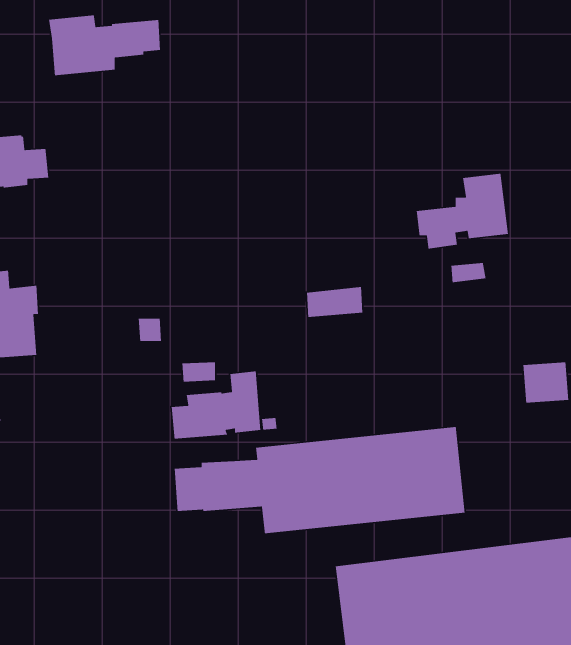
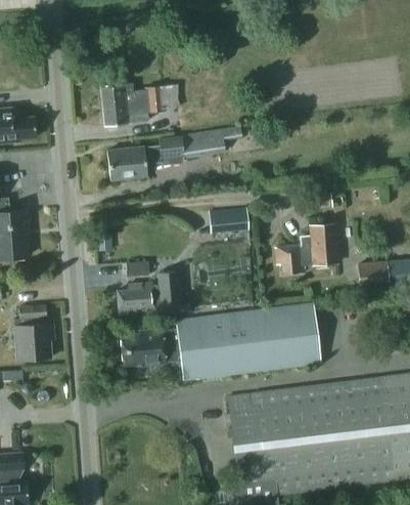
building: [48,15,161,76] -> [102,82,179,124]
building: none -> [109,128,243,177]
building: [416,173,509,250] -> [276,221,339,273]
building: none -> [19,305,54,356]

